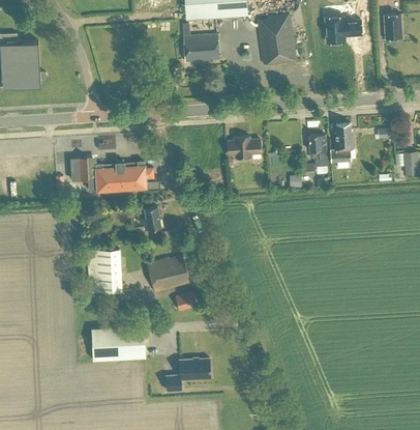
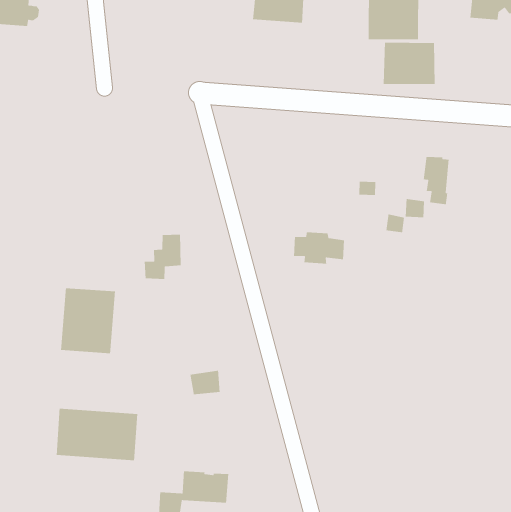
building: none -> [383,42,435,85]
building: [331,122,354,161] -> none
building: [228,136,262,157] -> [293,231,345,265]
building: [69,155,153,189] -> none
building: [147,254,190,291] -> none

